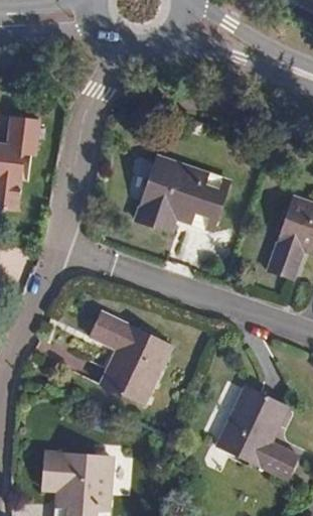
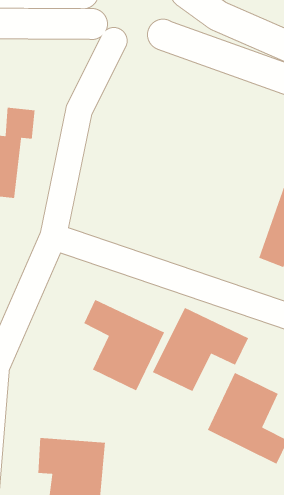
building: [134,155,229,233] -> none
building: none -> [152,307,249,392]

